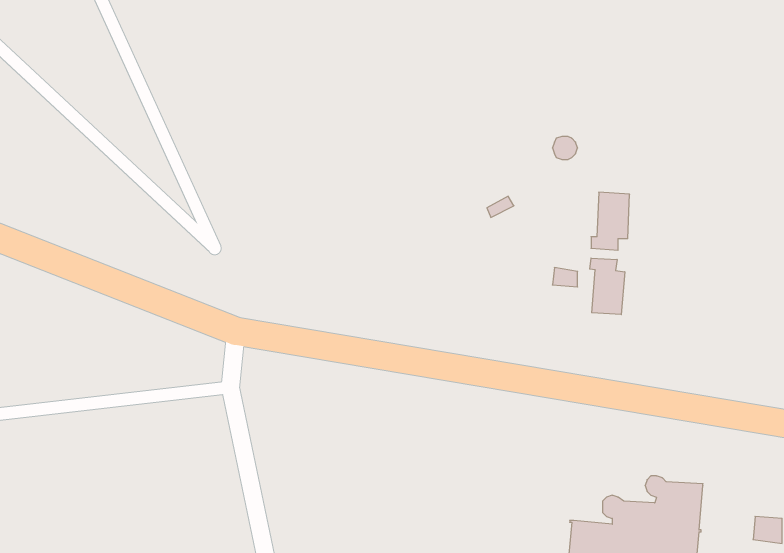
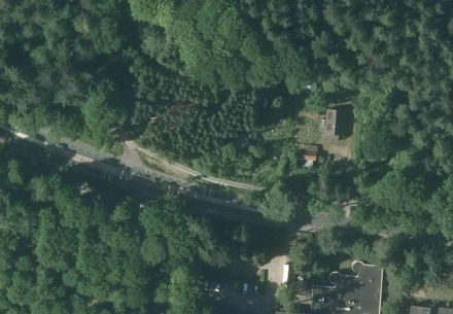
building: [590,258,625,315] -> none

